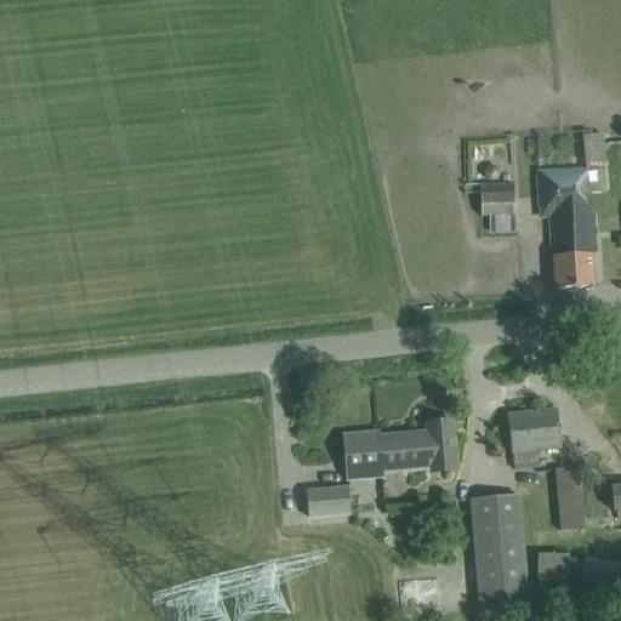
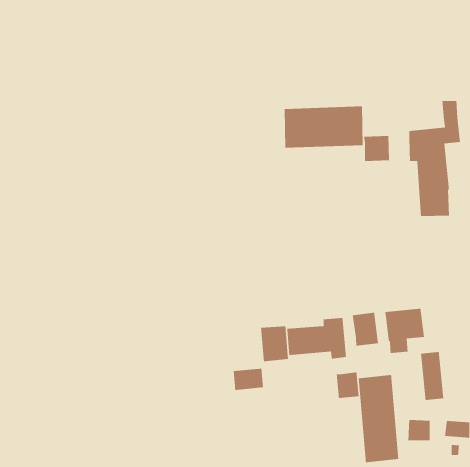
building: none -> [284,106,363,149]
building: none -> [352,312,379,347]
building: none -> [336,371,359,399]

